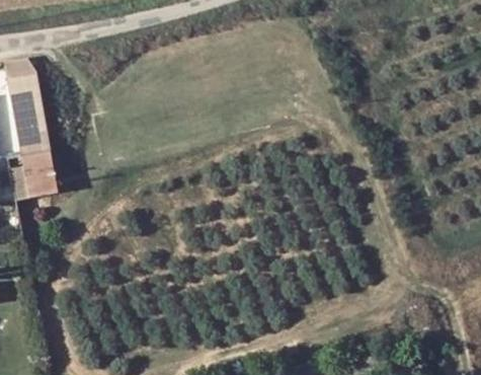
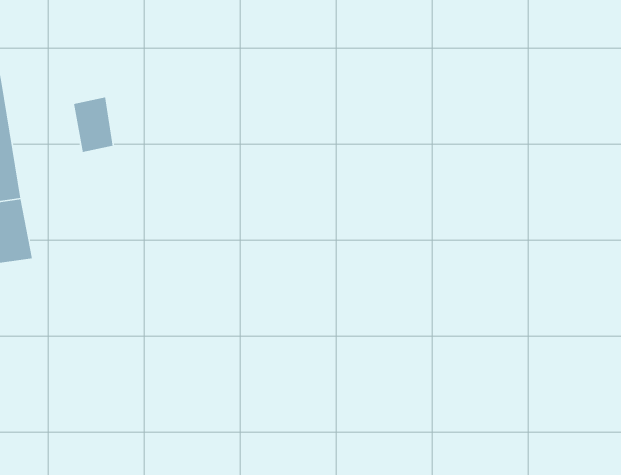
building: none -> [73,96,114,153]

